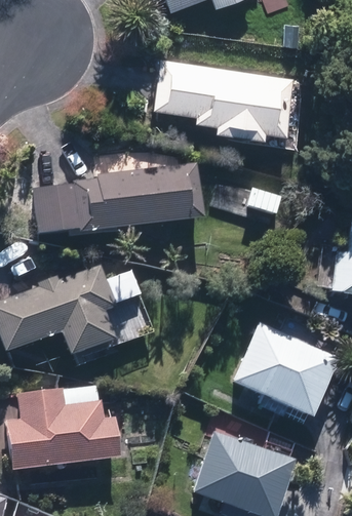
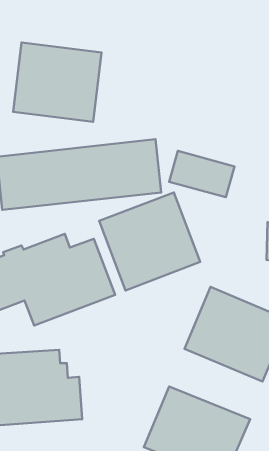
building: [155,58,294,137] -> none
building: none -> [13,43,102,122]
building: none -> [99,192,200,290]

